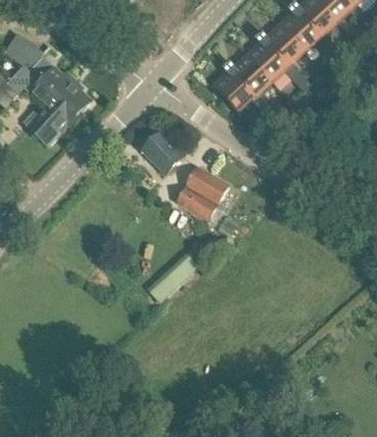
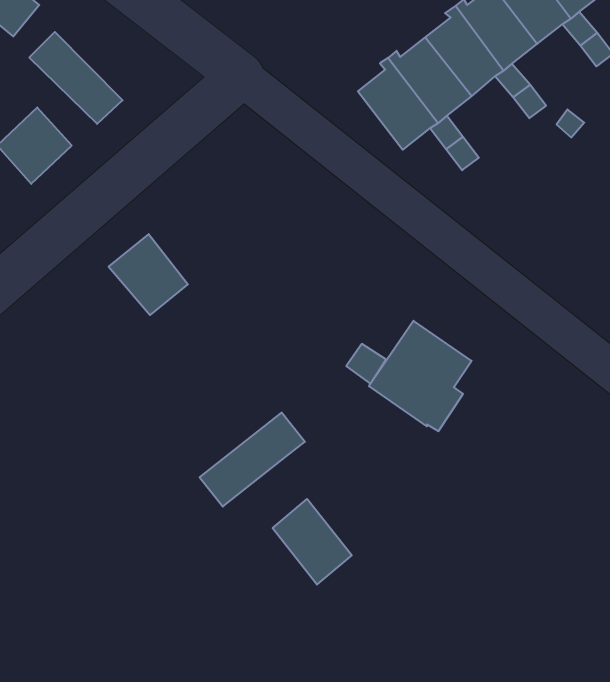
building: [31,81,79,126] -> none
building: [141,132,183,174] -> [109,234,188,315]
building: [177,166,229,223] -> [369,321,472,431]
building: none -> [273,499,352,585]

